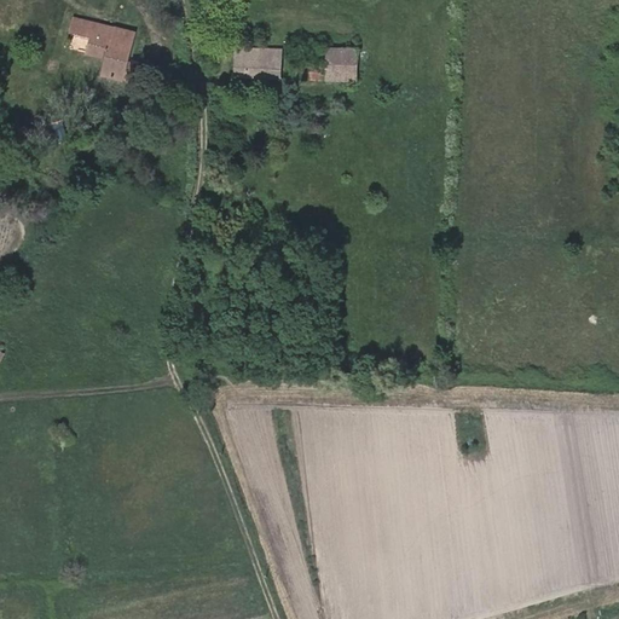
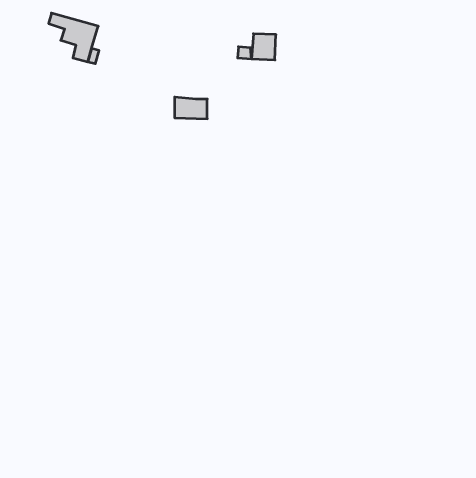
building: [239,46,282,74] -> [175,97,207,119]

